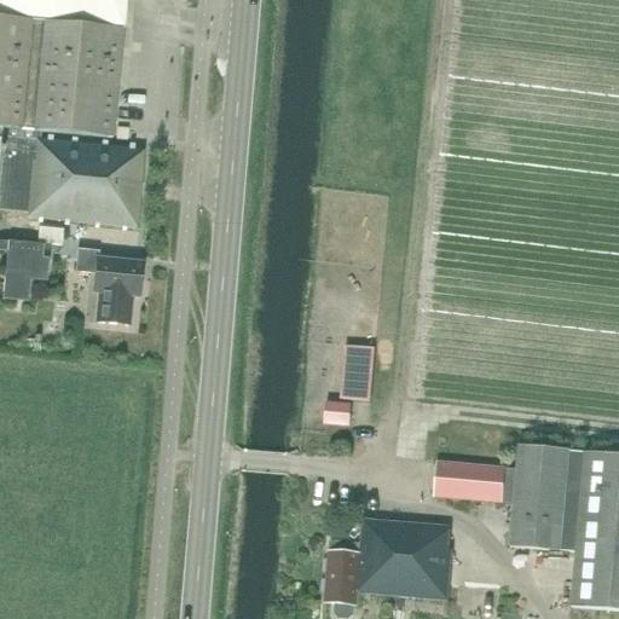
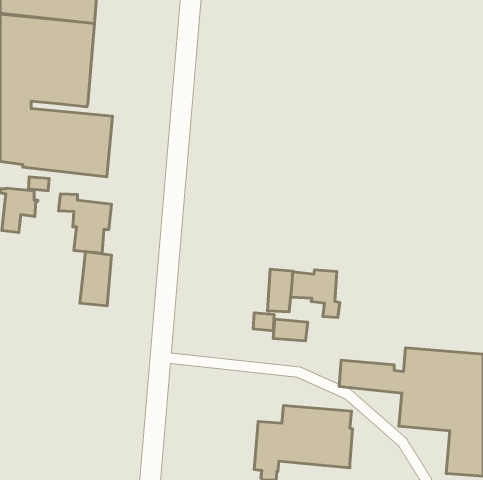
building: none -> [80,252,112,306]
building: none -> [291,270,340,317]
building: none -> [273,319,308,341]

